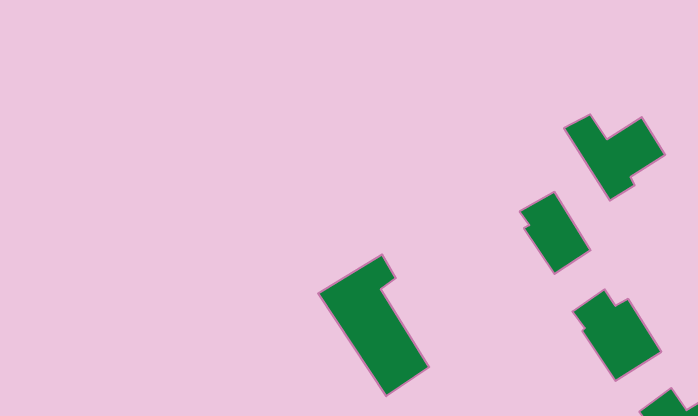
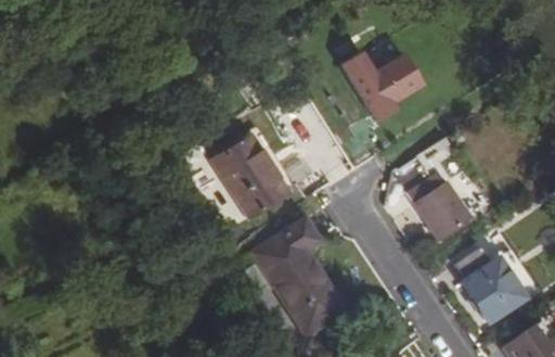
building: [564,114,665,201] -> [348,53,427,120]
building: none -> [215,136,286,213]

